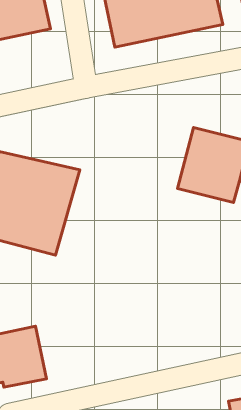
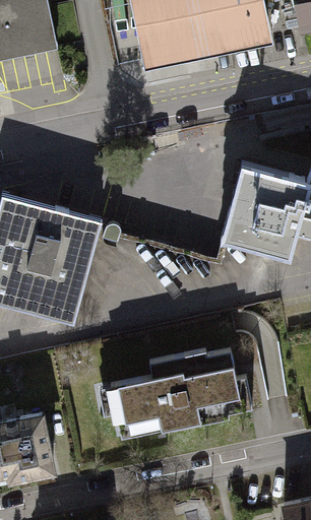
building: none -> [104,346,255,439]

